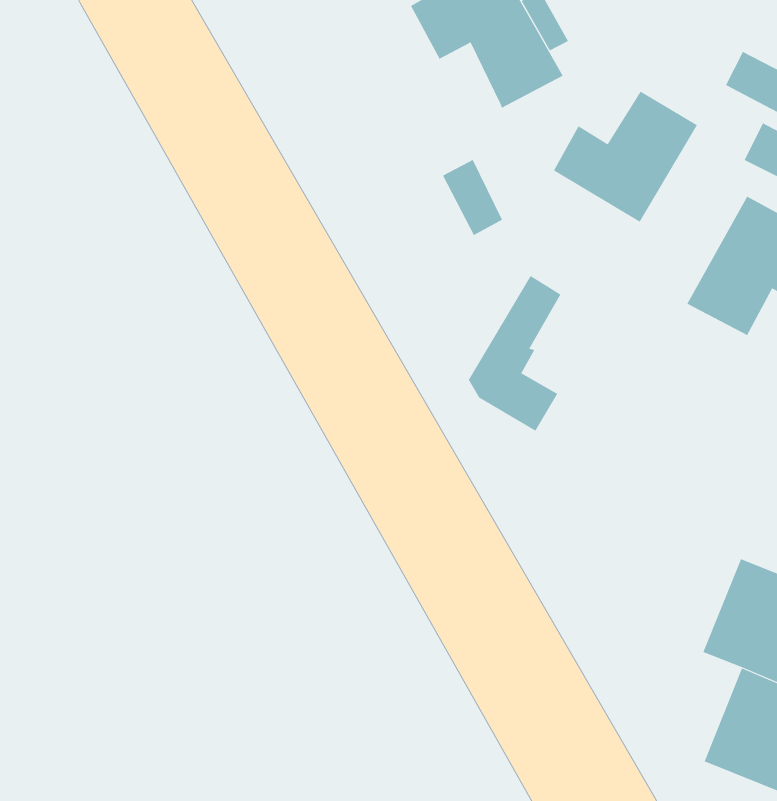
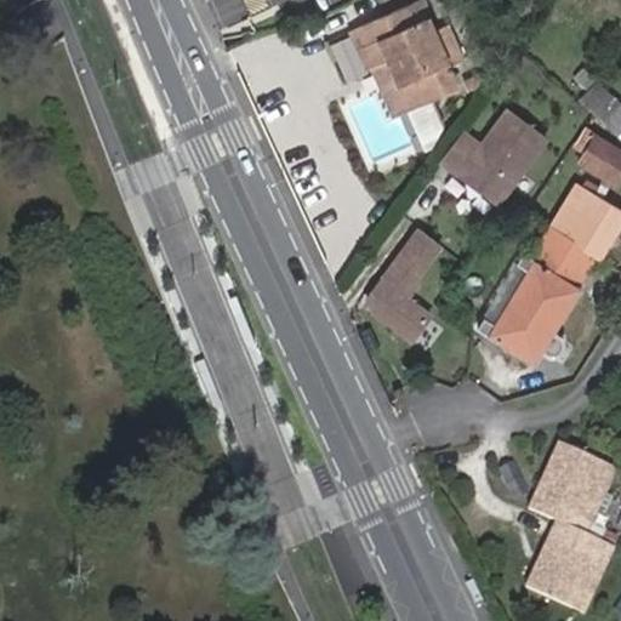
building: [442,159,503,236] -> [371,61,411,115]
building: none -> [478,256,580,364]

